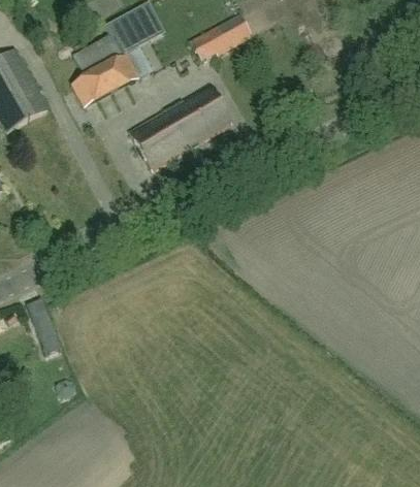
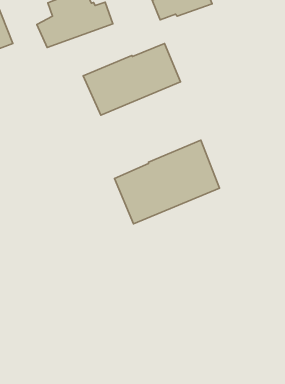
building: none -> [114,140,220,224]

